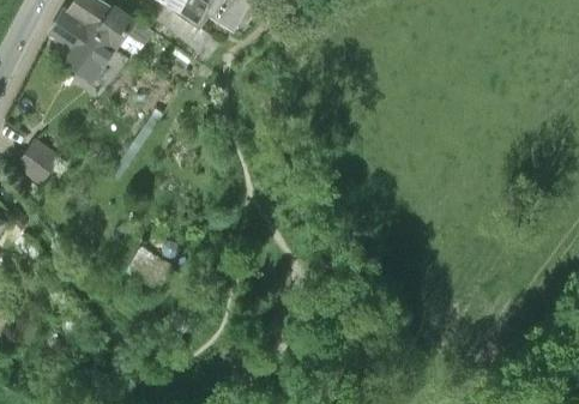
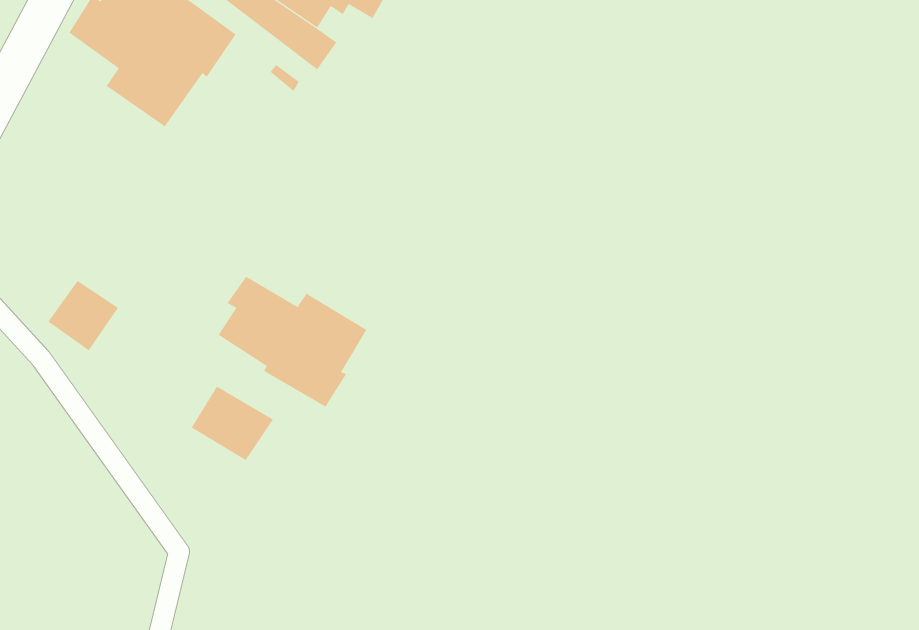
building: [14,139,58,182] -> [48,280,119,351]
building: none -> [218,276,367,408]

